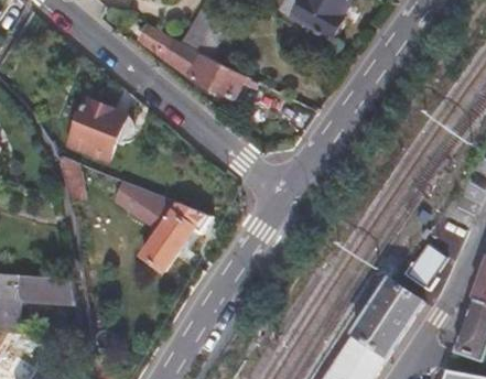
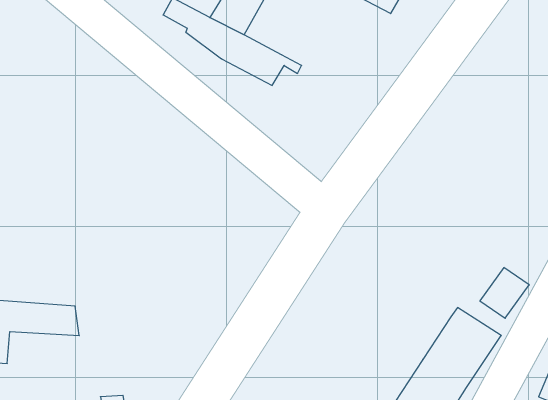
building: [73,105,131,161] -> none
building: [112,183,210,274] -> none

